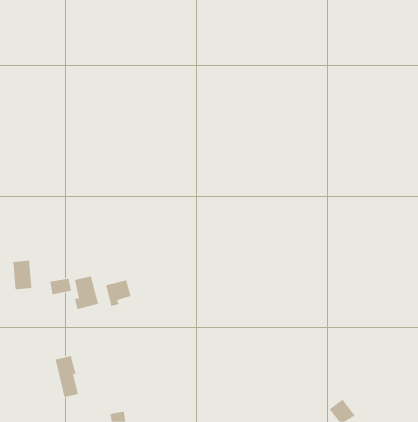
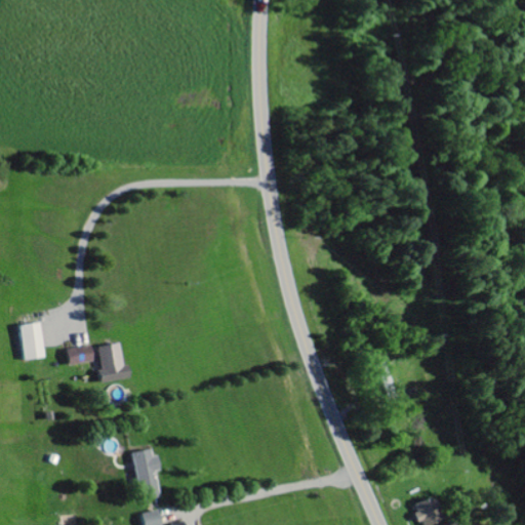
building: [105,280,131,307] -> none
building: [55,355,79,398] -> [131,448,161,500]

